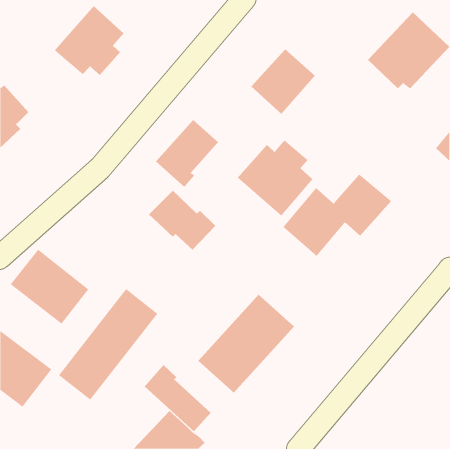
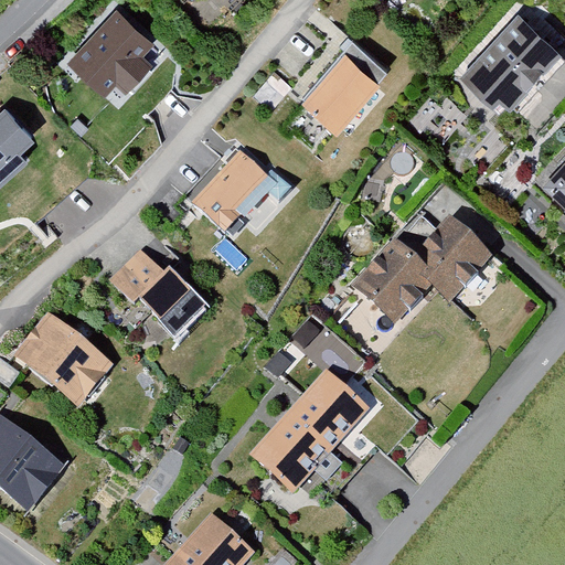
building: [237,139,313,217] -> none
building: [148,190,216,251] -> [109,249,194,326]
building: [58,288,158,401] -> none
building: [144,364,211,432] -> none

